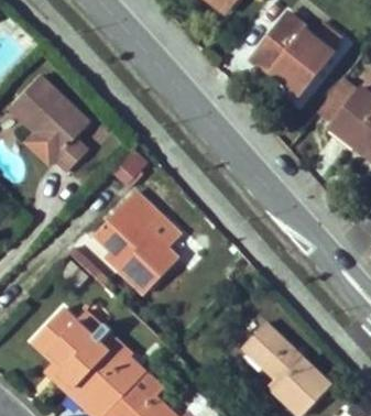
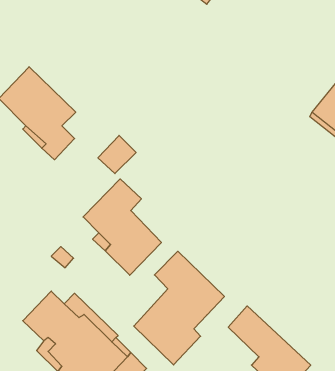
building: [252,12,337,95] -> none
building: none -> [134,251,224,365]

